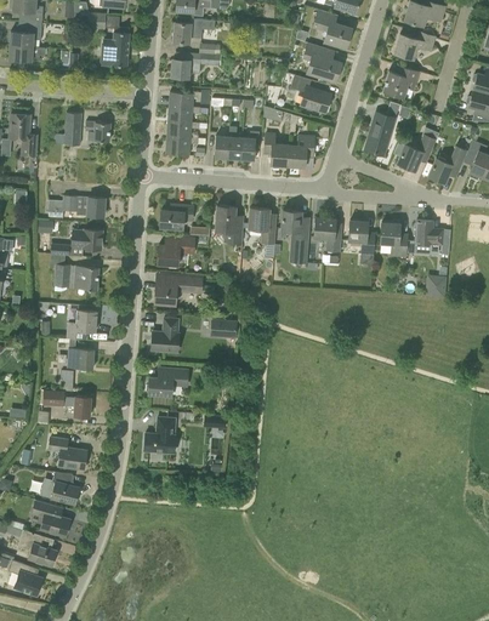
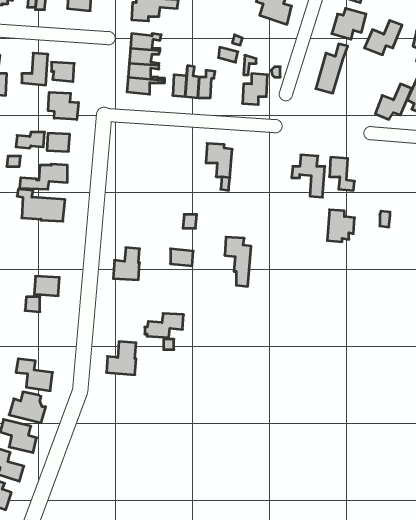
building: [290,74,331,113] -> none
building: [262,131,289,165] -> none
building: [396,133,436,170] -> [364,20,402,55]
building: none -> [48,92,78,120]
building: [159,203,193,228] -> none
building: [215,205,244,244] -> none
building: [280,210,308,262] -> [225,237,251,286]
building: [313,217,342,251] -> none
building: [414,220,443,253] -> [327,210,355,242]
building: [157,234,195,266] -> none
building: [154,275,201,304] -> none
building: [66,310,97,340] -> none
building: [146,369,187,394] -> [145,313,184,337]
building: [38,389,91,423] -> none

